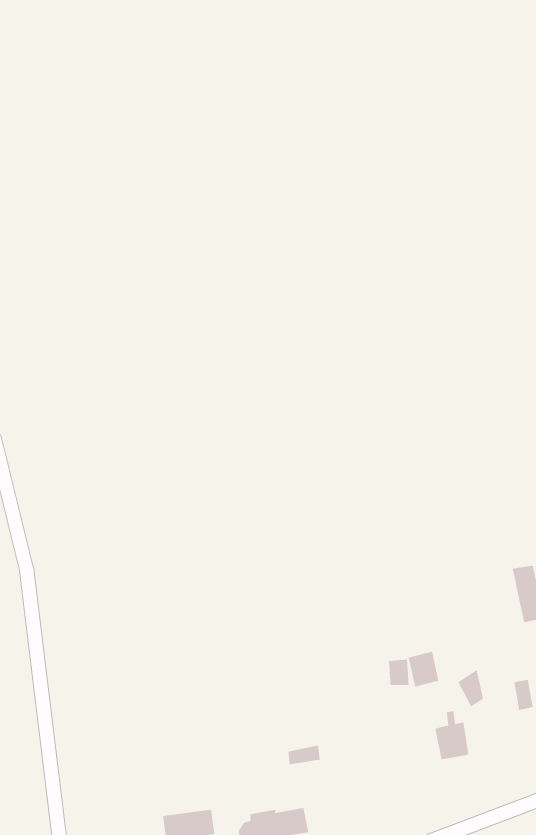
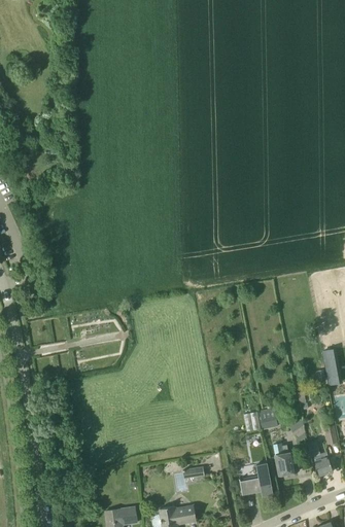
building: none -> [307,442,332,476]
building: none -> [238,462,272,496]

